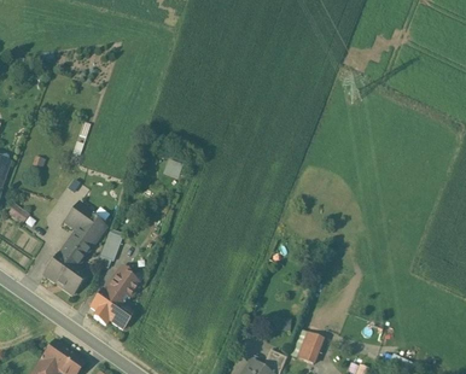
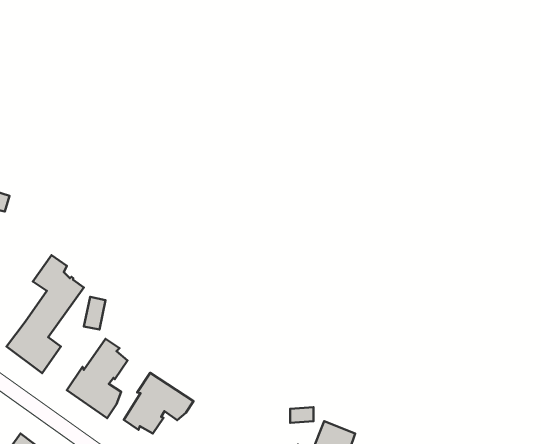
building: none -> [124,373,194,433]

